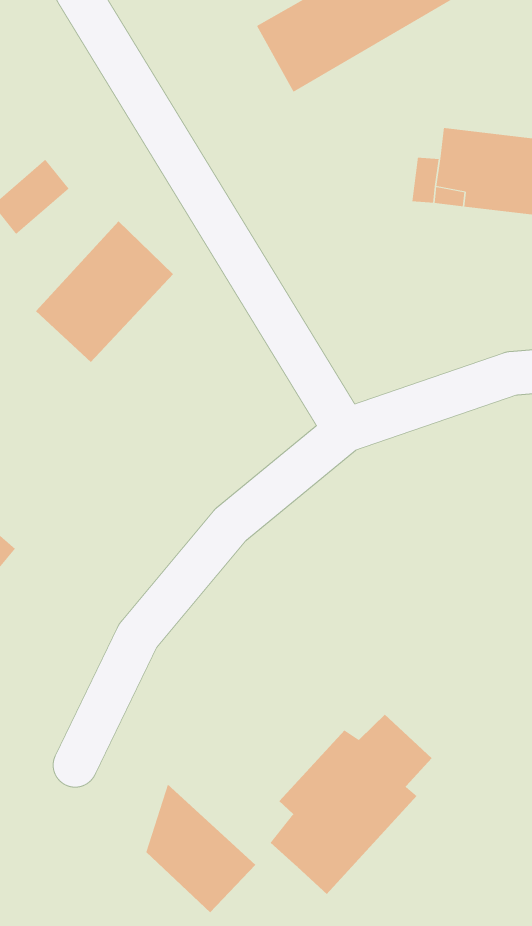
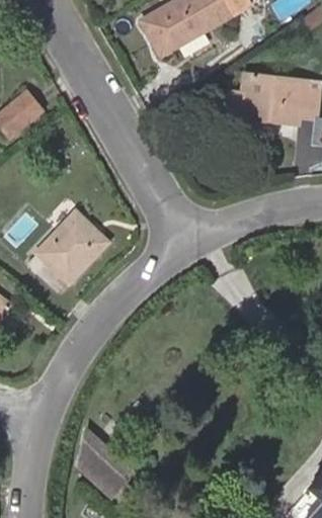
building: [35,221,174,363] -> [31,212,107,290]
building: [270,714,432,895] -> none

